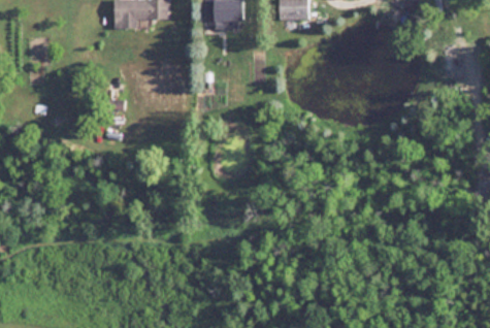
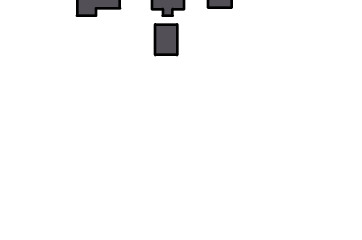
building: none -> [155,24,177,55]

